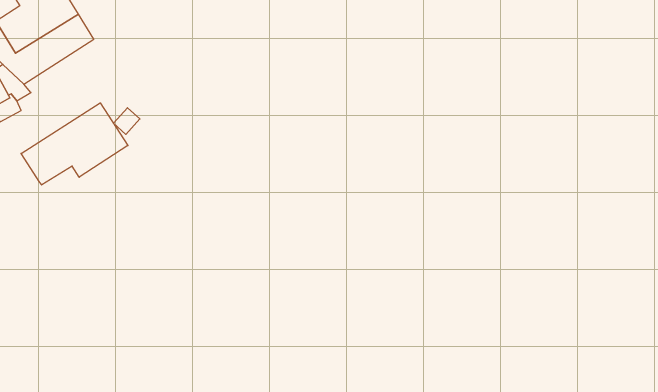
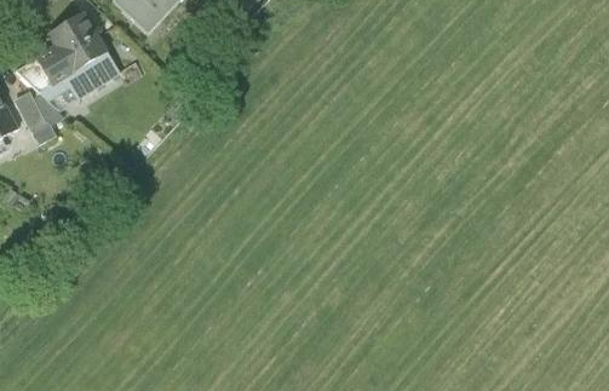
building: [21,103,128,185] -> none

